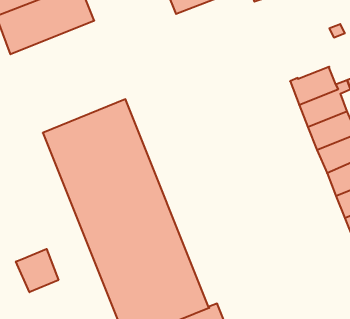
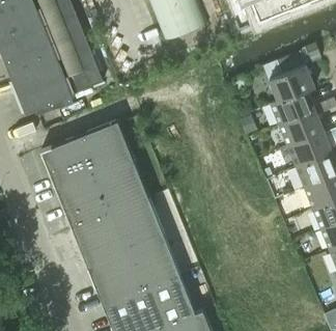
building: none -> [10,47,102,112]
building: none -> [269,64,313,101]
building: [16,249,58,292] -> none

